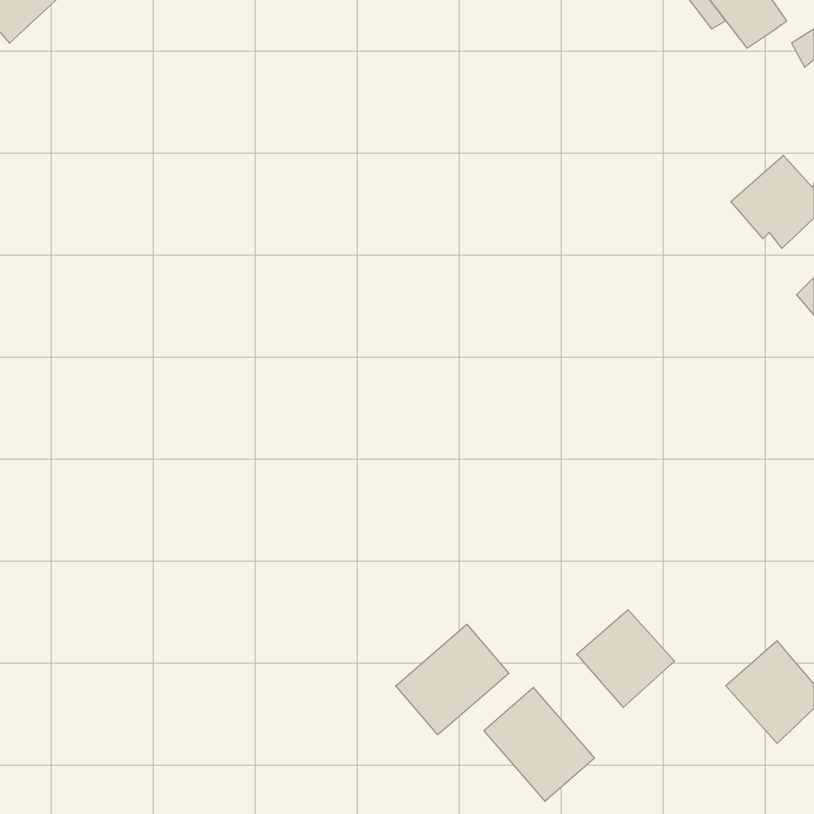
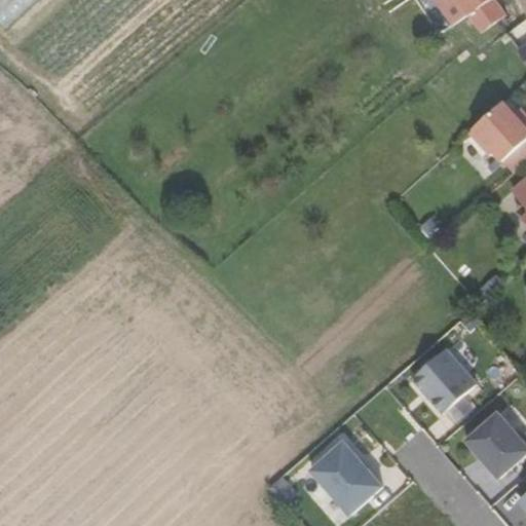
building: [577,610,675,707] -> [411,349,474,412]
building: [396,624,509,735] -> none

